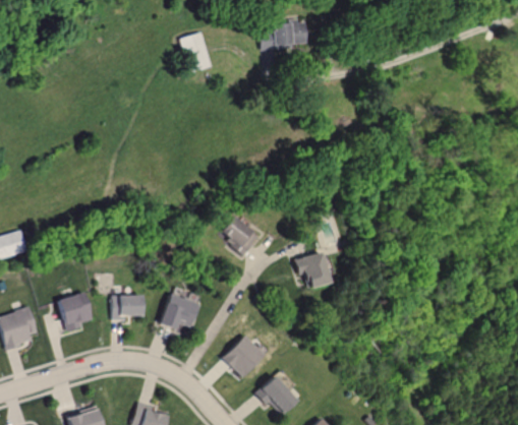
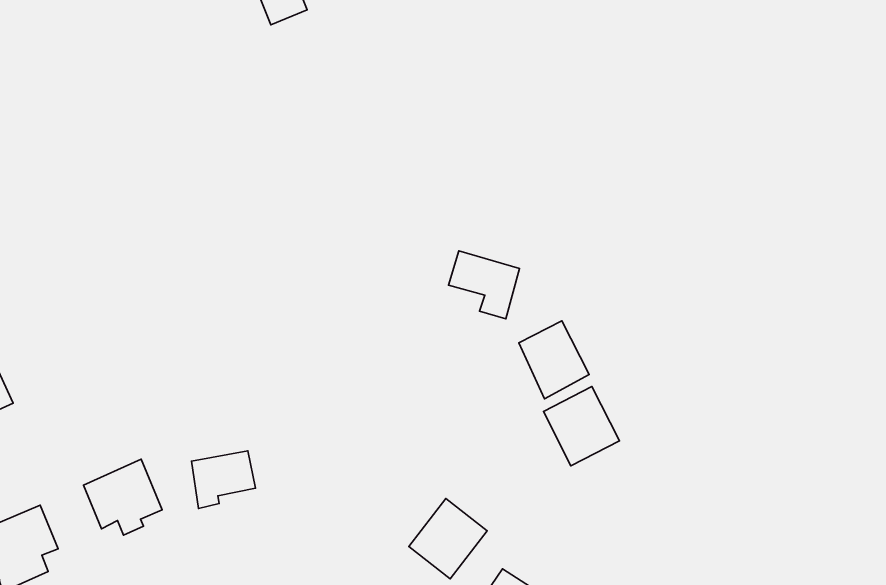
building: [222,218,261,257] -> [449,251,519,319]
building: none -> [543,387,619,466]
building: [160,294,202,329] -> none

